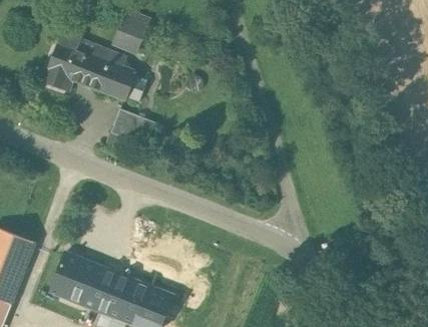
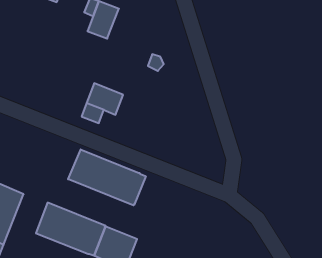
building: [44,30,134,101] -> none
building: none -> [68,149,146,205]

